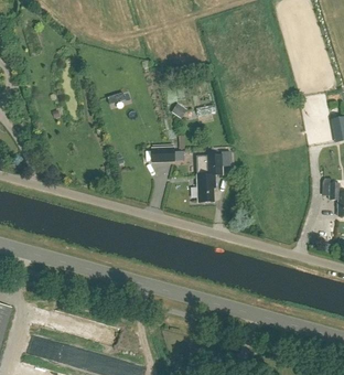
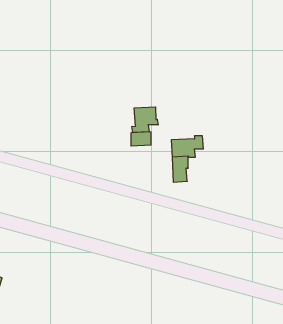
building: none -> [132,107,158,133]

